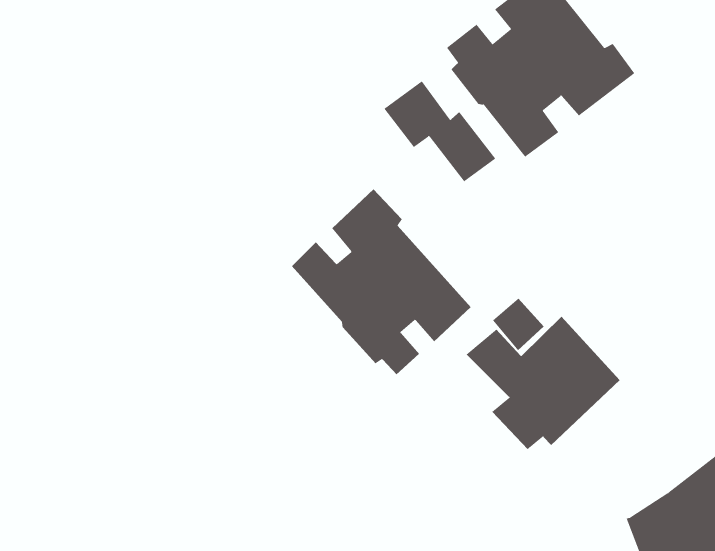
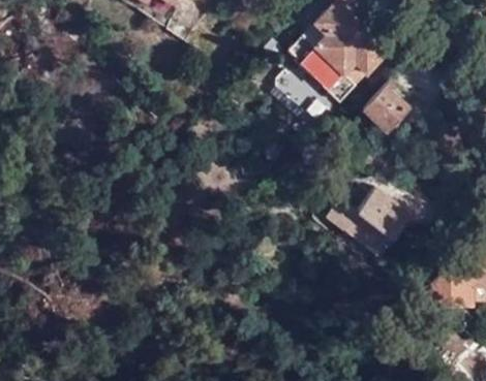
building: none -> [365,81,412,132]
building: [291,189,471,375] -> none

